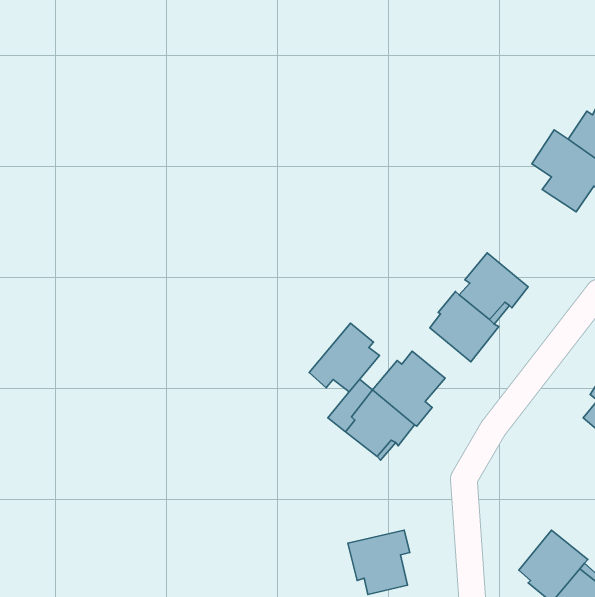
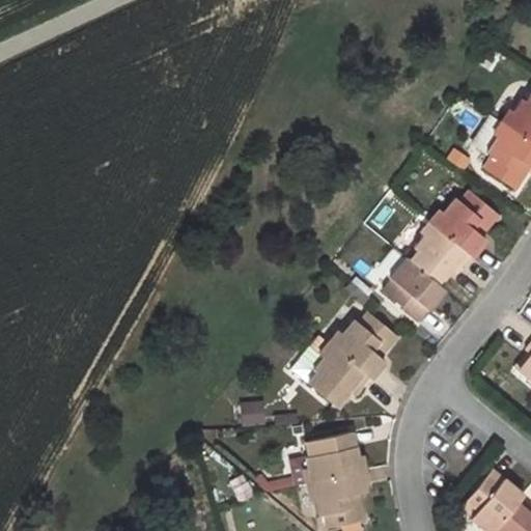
building: none -> [435,192,498,257]
building: [309,323,380,392] -> none
building: none -> [306,432,361,482]

